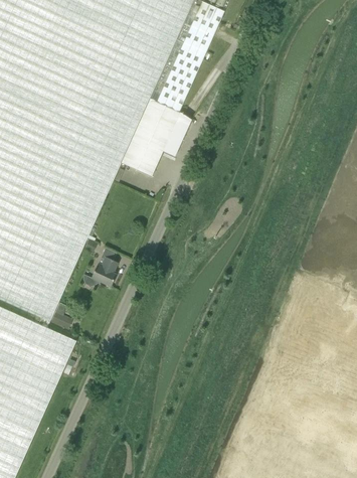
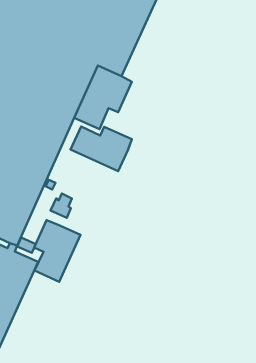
building: none -> [71,126,132,171]
building: none -> [34,220,80,282]

